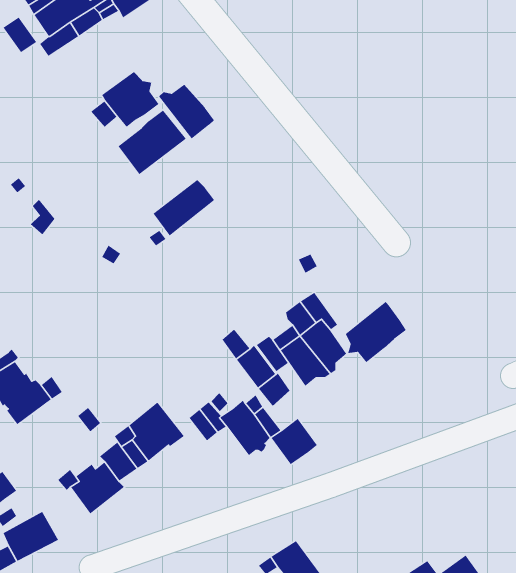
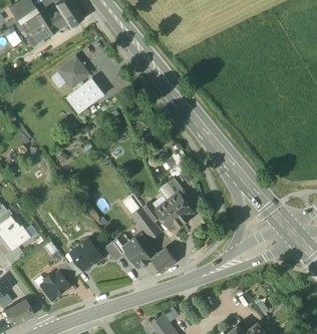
building: [158,84,215,140] -> none
building: [153,179,215,236] -> none
building: [345,301,407,363] -> none

